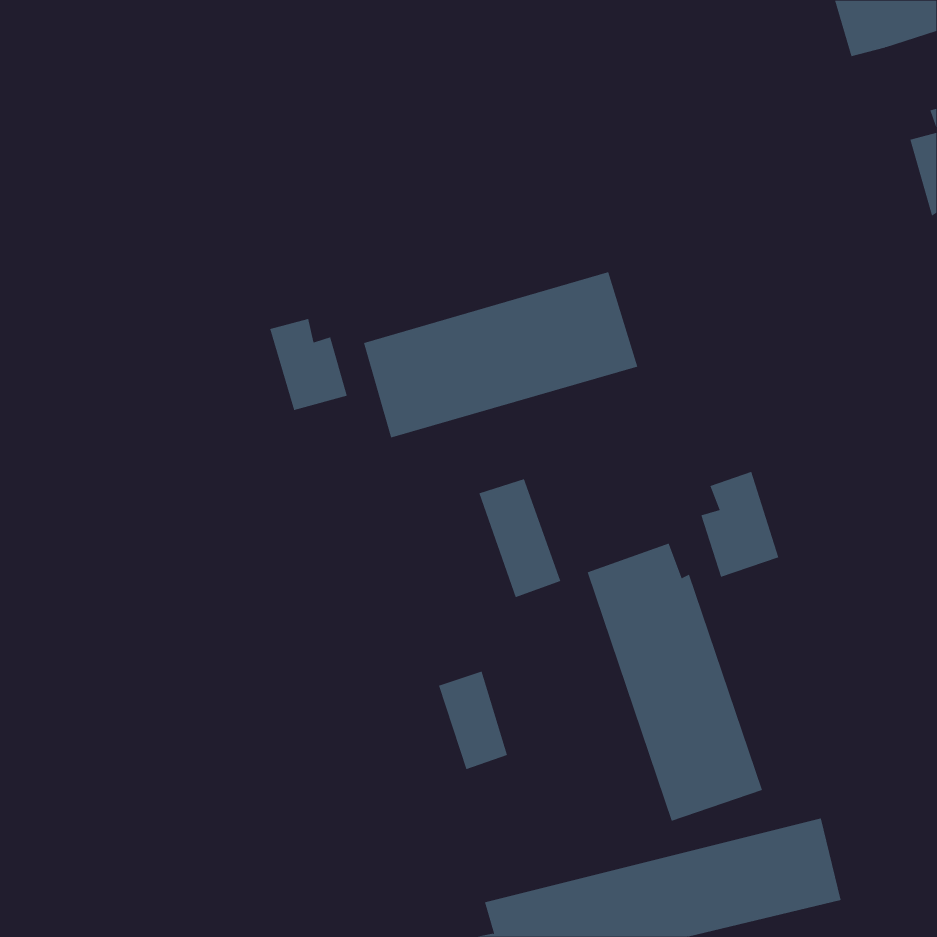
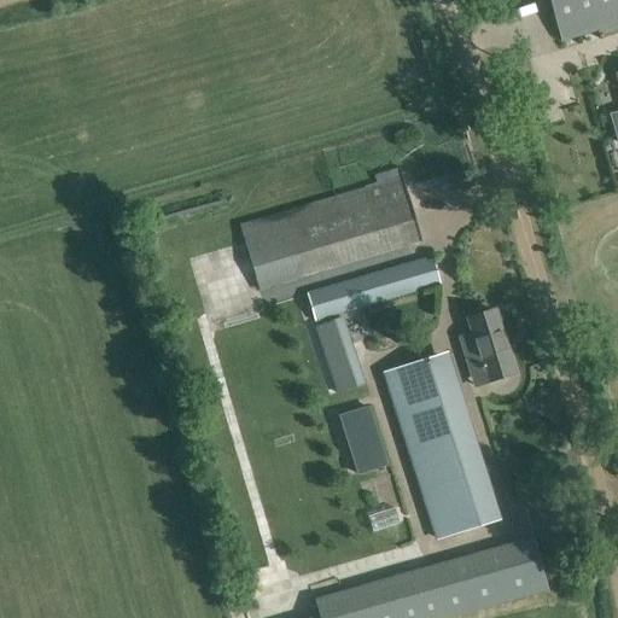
building: [270,318,348,411] -> none
building: none -> [308,257,439,320]
building: [438,671,508,770] -> [340,408,386,473]

